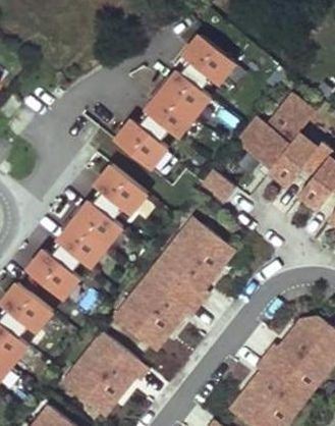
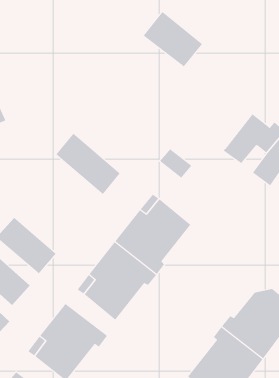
building: [142,67,221,144] -> none
building: [234,95,315,170] -> none
building: [115,115,175,170] -> none
building: [58,194,135,271] -> none

